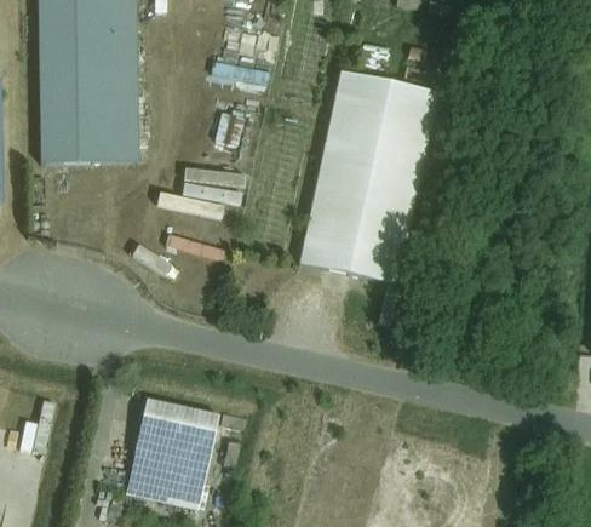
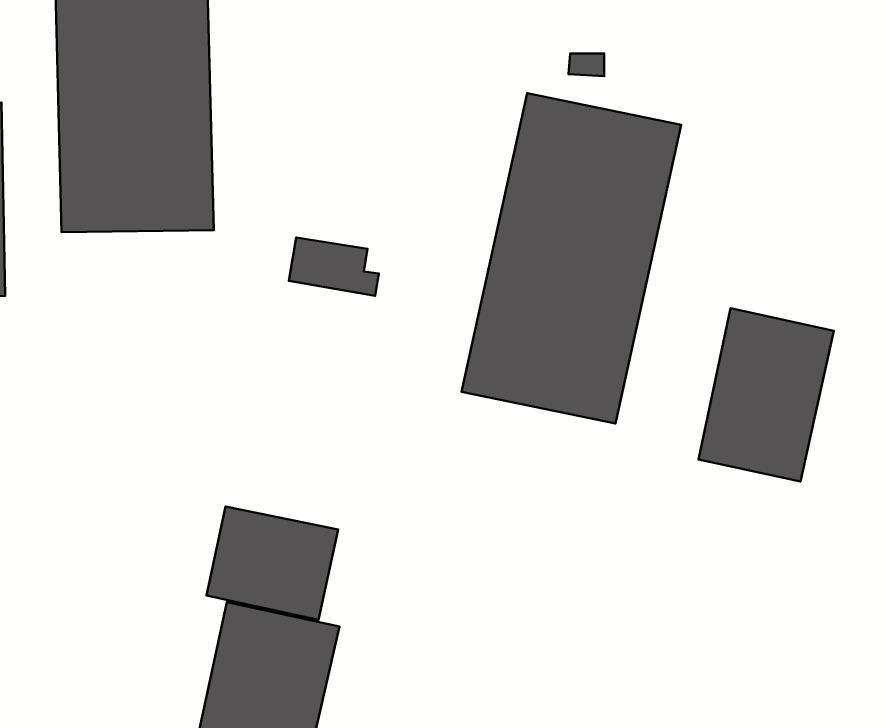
building: none -> [699,308,834,481]
building: none -> [206,506,338,620]

